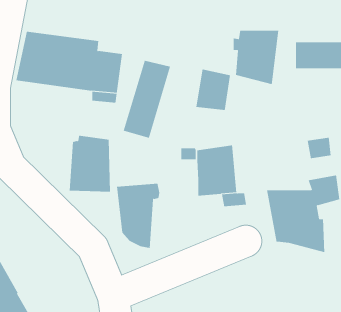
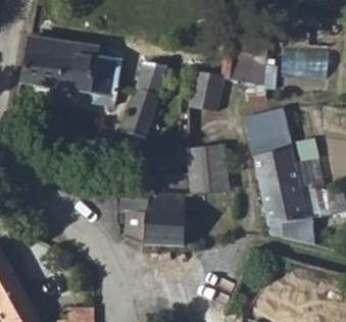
building: none -> [248,123,300,186]
building: [69,135,111,192] -> [147,190,187,244]

